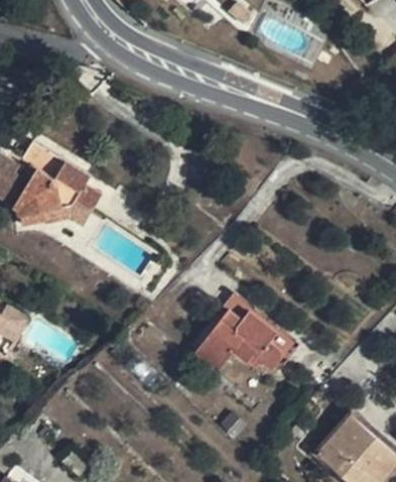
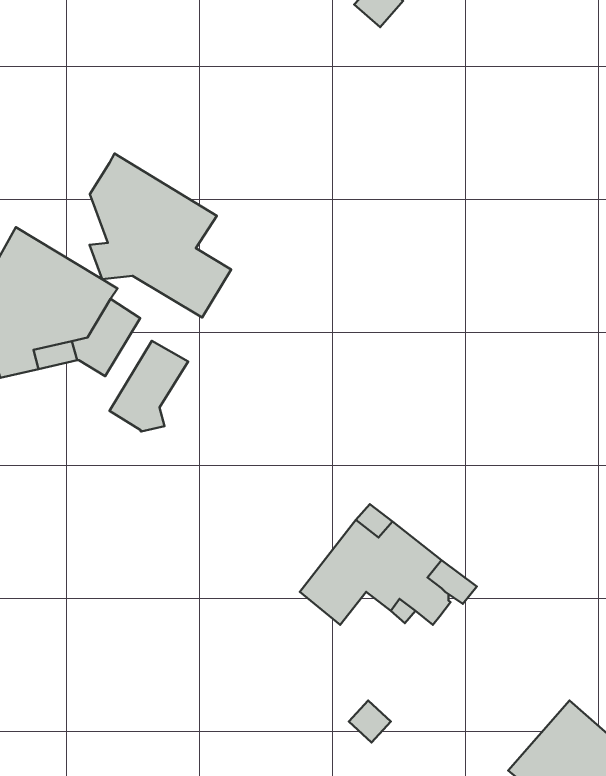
building: none -> [89,154,231,317]
building: none -> [109,341,188,432]

